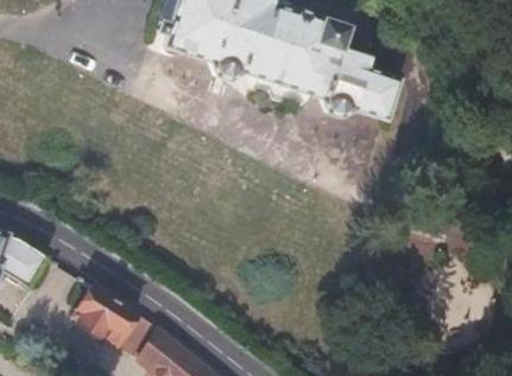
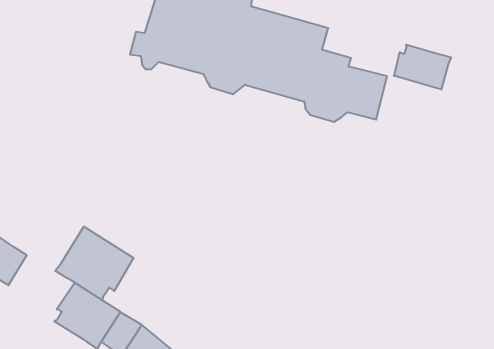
building: none -> [394,45,451,90]
building: none -> [55,227,134,300]

